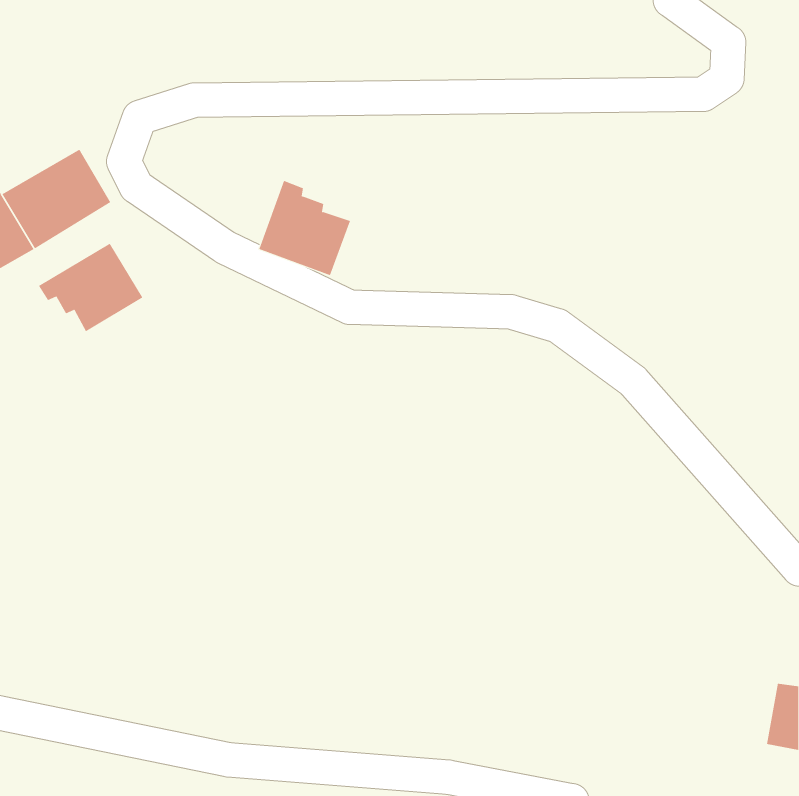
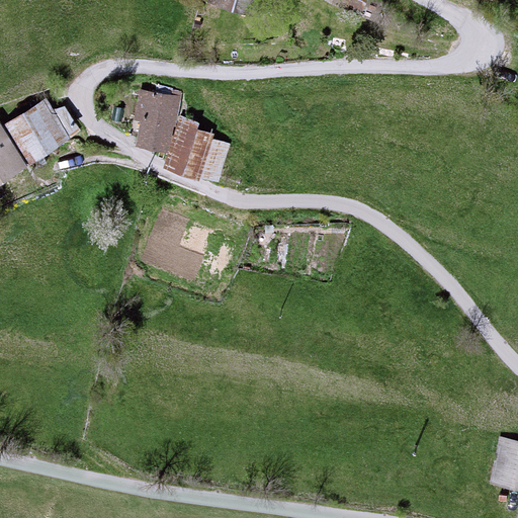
building: none -> [132,89,179,151]
building: [38,243,143,332] -> none

